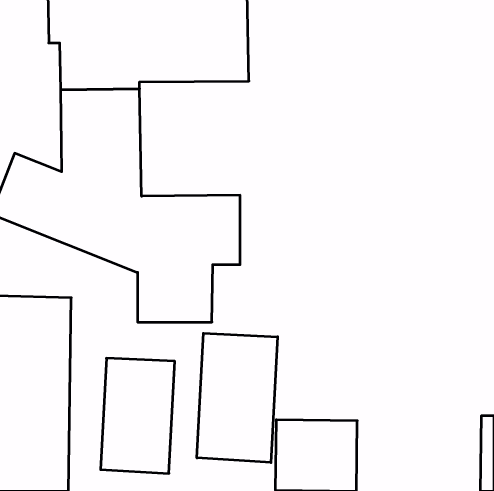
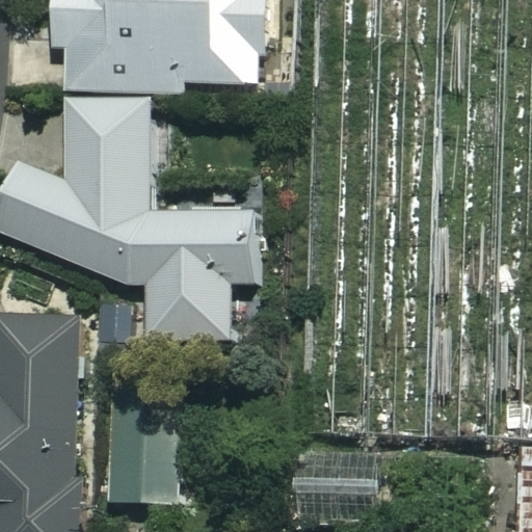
building: [197,333,278,463] -> none

